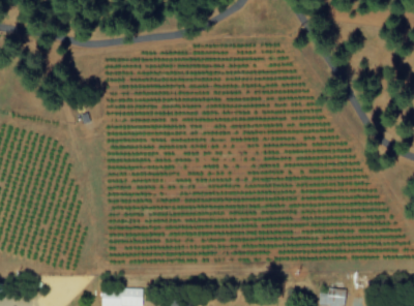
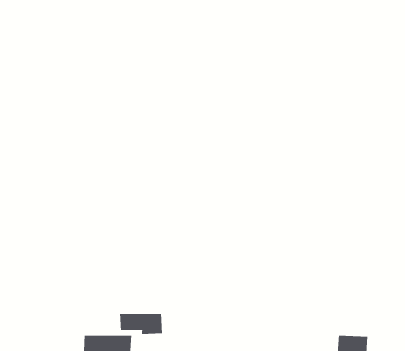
building: none -> [120,313,163,335]

